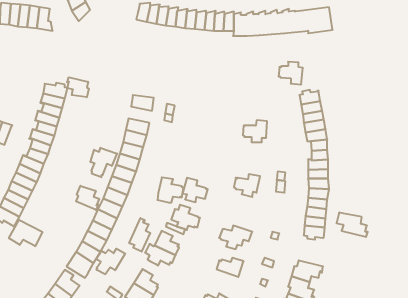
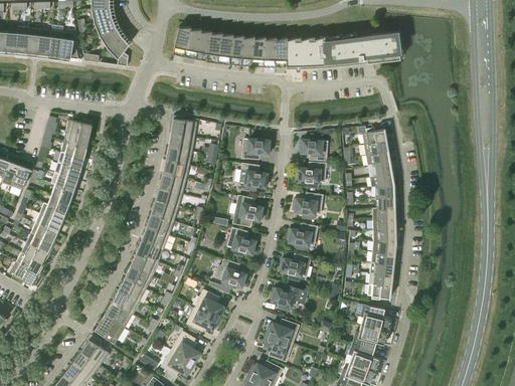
building: none -> [108,34,129,65]
building: [279,62,303,84] -> [299,134,327,160]
building: [67,77,89,97] -> none
building: none -> [170,115,197,136]
building: none -> [242,138,272,158]
building: none -> [165,146,192,165]
building: none -> [240,164,269,190]
building: none -> [293,193,322,219]
building: [90,148,117,177] -> none
building: [157,177,184,203] -> [233,196,264,225]
building: [76,186,99,210] -> none
building: none -> [279,254,310,280]
building: [336,213,368,237] -> [355,303,391,331]
building: [129,218,150,252] -> none
building: [9,220,42,246] -> none
building: [96,249,125,274] -> none
building: none -> [263,334,292,360]

